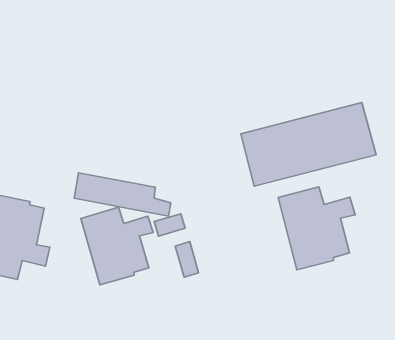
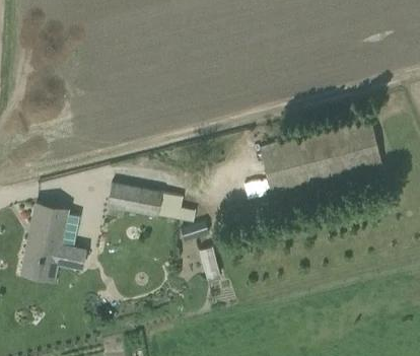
building: [278,187,355,270] -> none
building: [81,207,153,285] -> none

